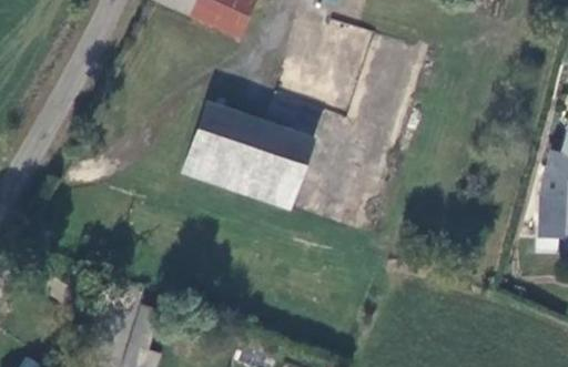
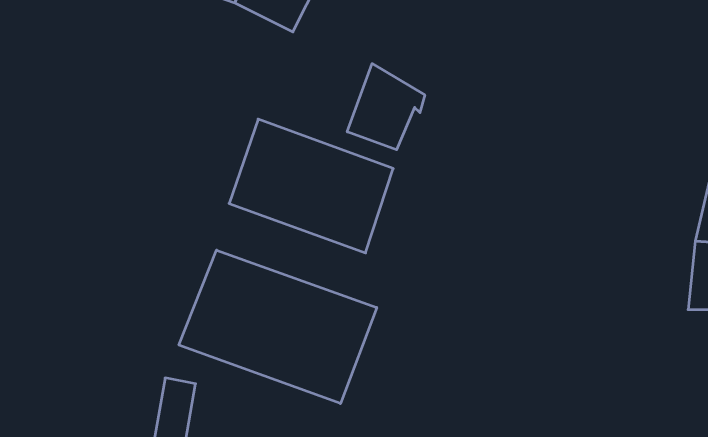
building: none -> [347,64,425,150]
building: none -> [179,250,377,404]

